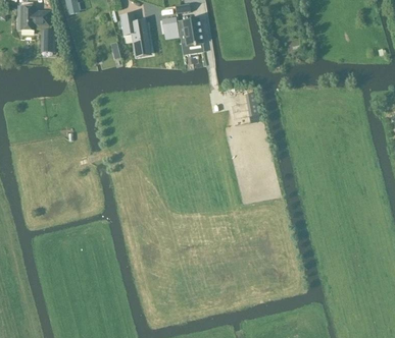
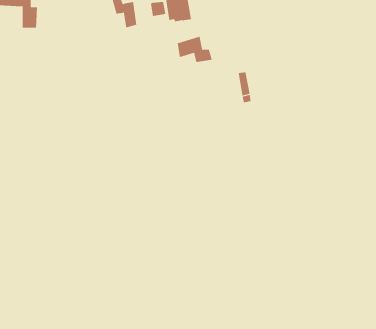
building: none -> [177,36,212,63]

